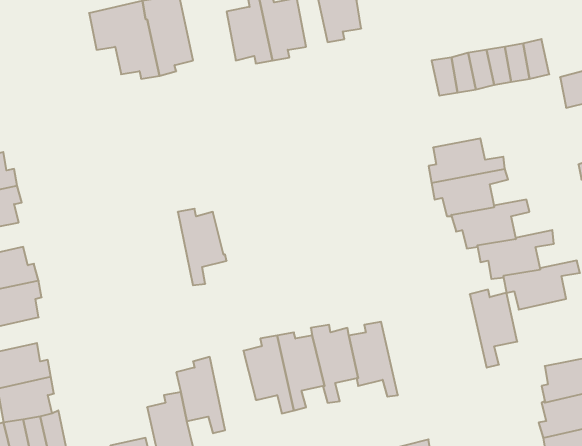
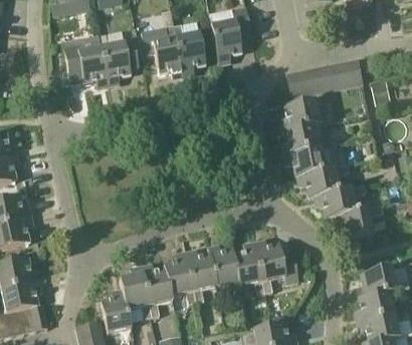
building: none -> [283,98,335,131]
building: [178,209,227,285] -> [142,266,174,316]
building: [470,290,517,368] -> [254,242,285,293]

